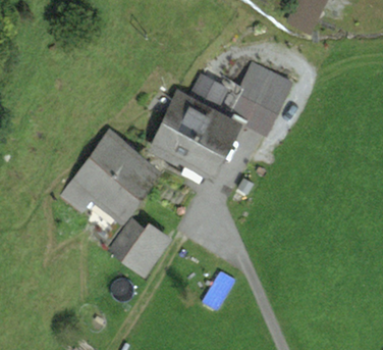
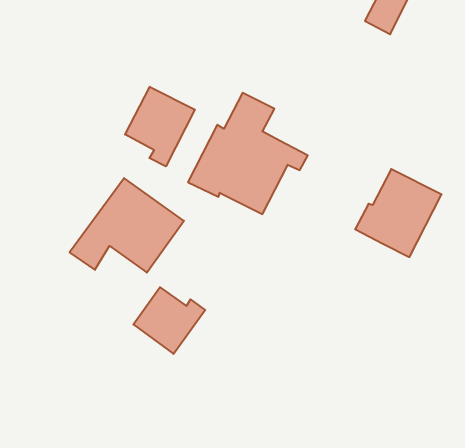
building: [224,65,290,133] -> [355,169,442,257]
building: none -> [125,87,195,166]

